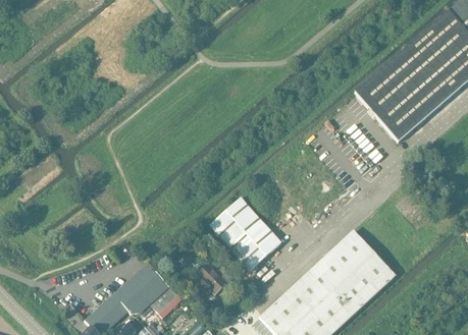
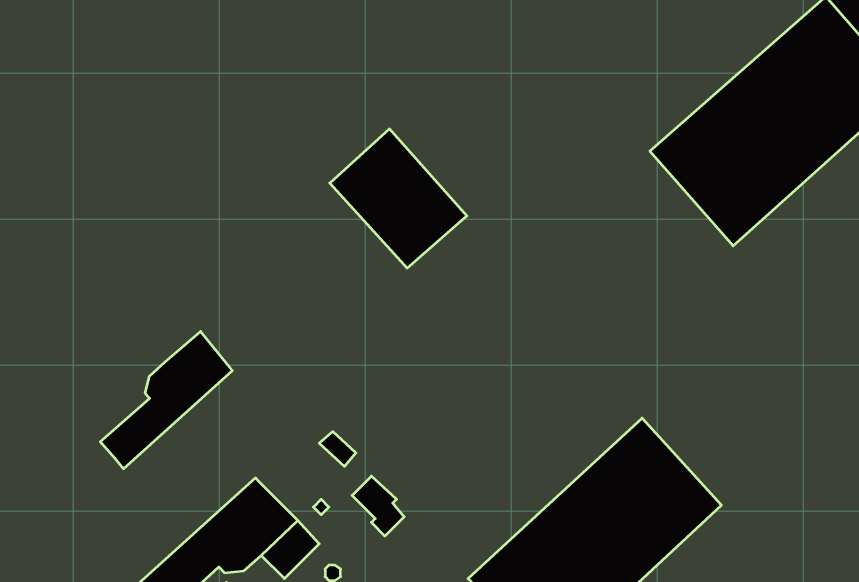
building: none -> [100,331,232,469]
building: [209,197,281,270] -> [330,129,467,268]

